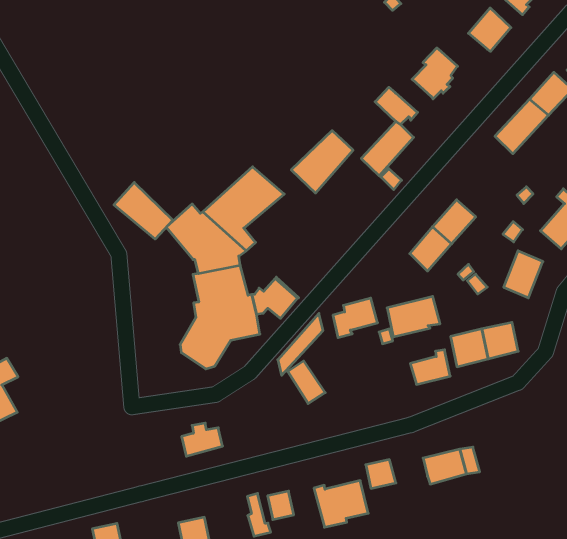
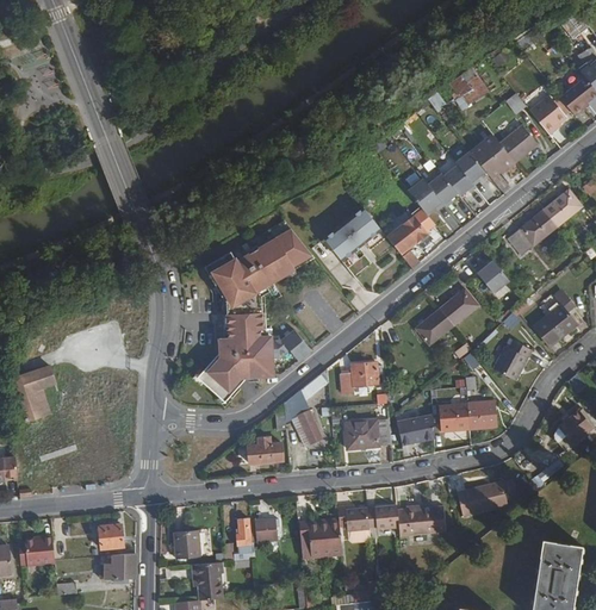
building: none -> [470,135,513,178]
building: none -> [426,173,457,207]
building: none -> [474,261,507,292]
building: [114,182,173,239] -> none
building: [387,296,440,337] -> [347,418,391,448]
building: none -> [457,480,510,515]
building: [182,423,223,456] -> [247,436,281,462]
building: none -> [374,502,398,527]

